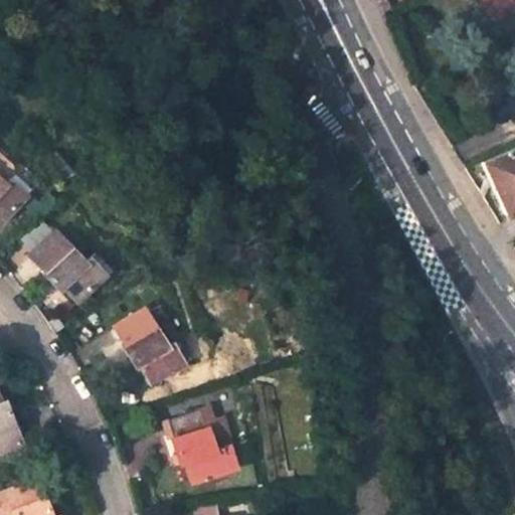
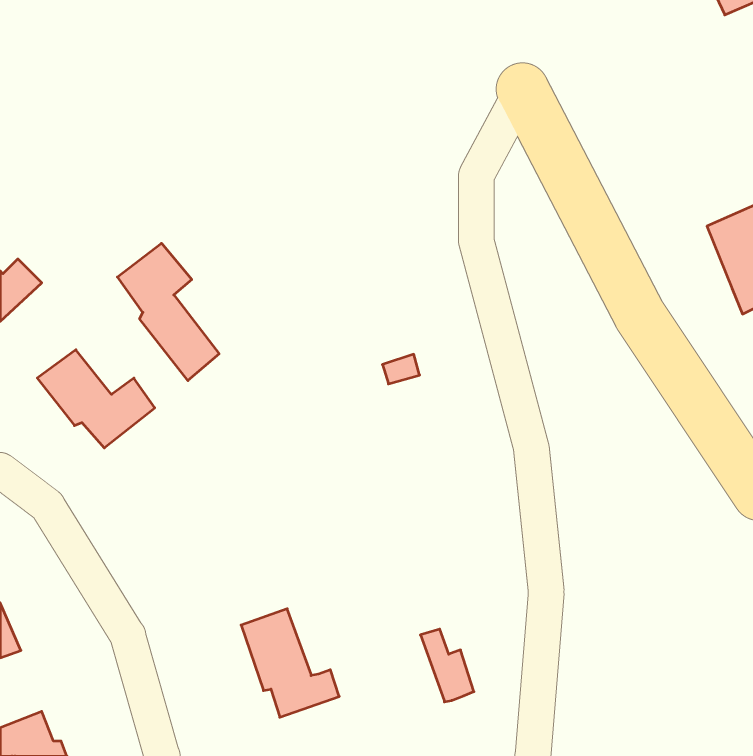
building: none -> [117,243,219,381]
building: [114,310,189,381] -> none
building: [199,407,235,457] -> [420,629,474,702]

